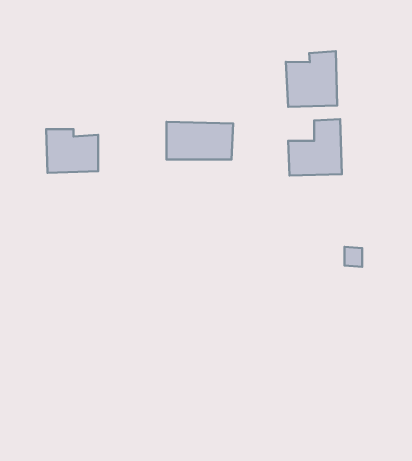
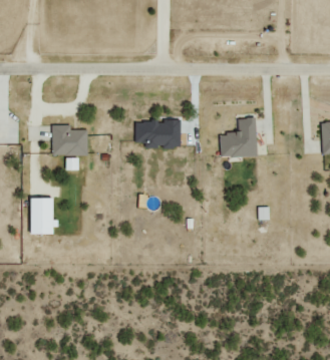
building: [286,51,337,107] -> none
building: none -> [29,199,56,235]

